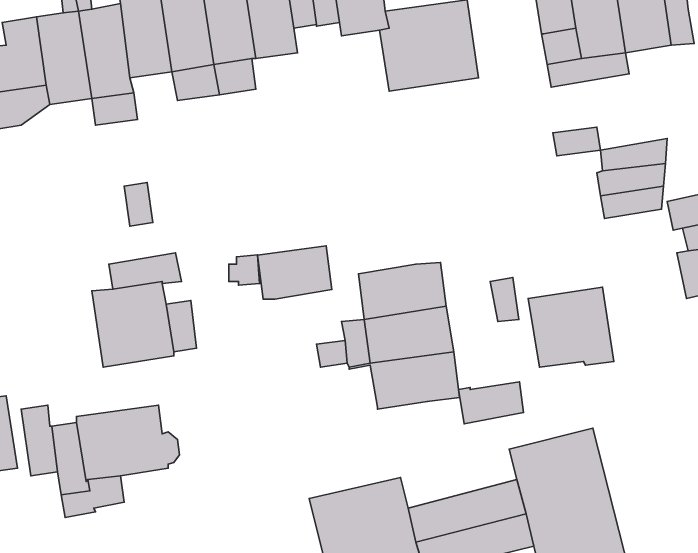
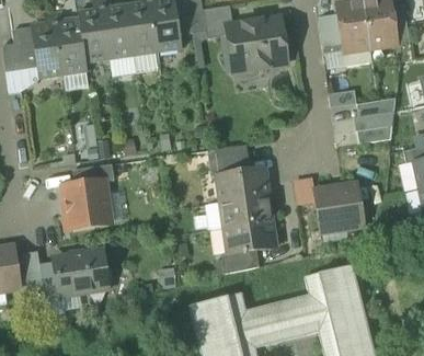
building: [258,246,332,299] -> [207,145,250,175]
building: [459,382,523,424] -> [221,249,259,273]

